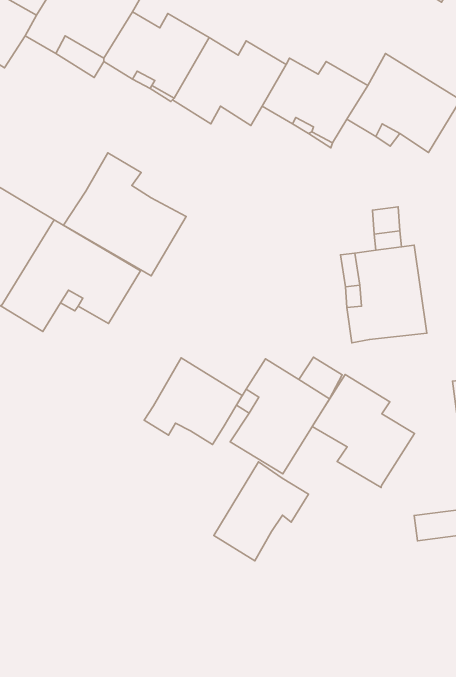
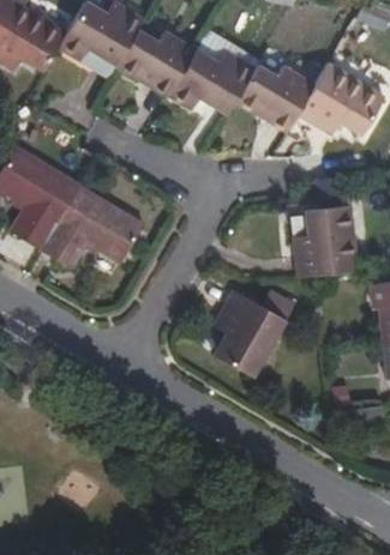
building: [64,153,186,276] -> none
building: [144,358,242,445] -> none
building: [312,375,415,487] -> none
building: [214,462,309,561] -> none

